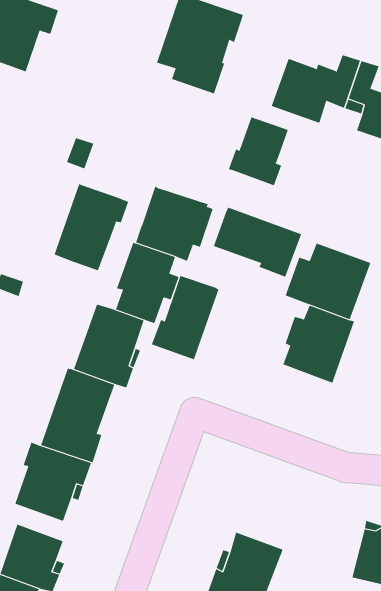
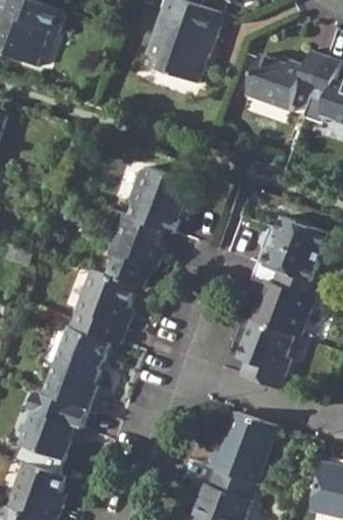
building: [228,116,289,186] -> none
building: [54,183,129,271] -> none
building: [213,207,302,278] -> none
building: [151,275,219,360] -> none
building: none -> [236,321,290,389]
building: none -> [209,411,277,483]

